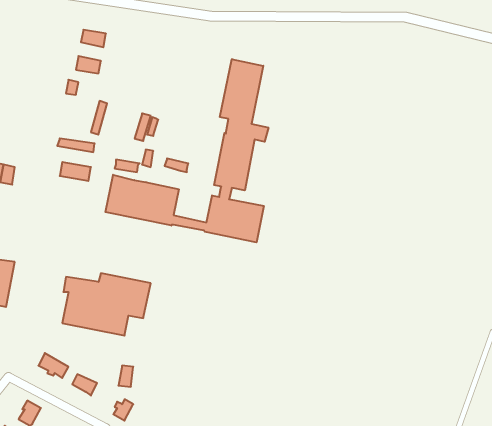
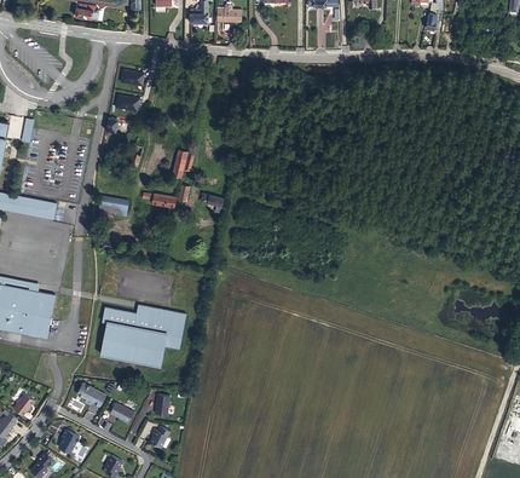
building: [105,59,268,242] -> none

